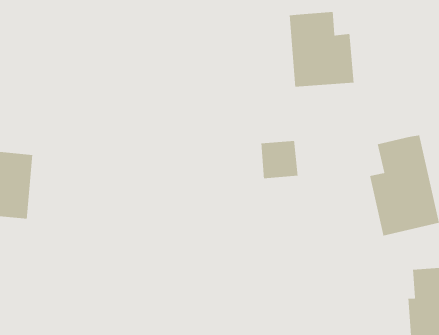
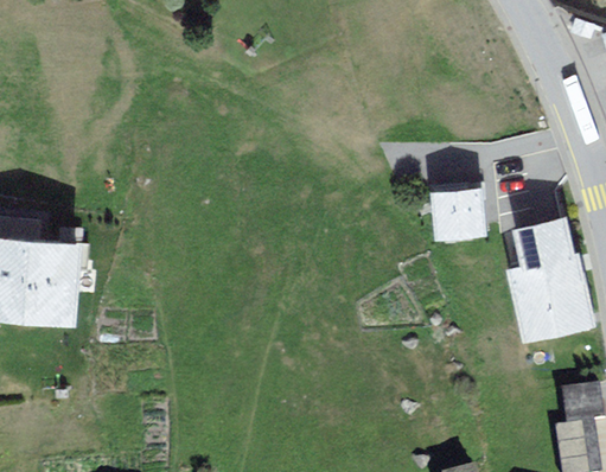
building: [289,11,355,88] -> none
building: [260,140,299,179] -> [430,187,478,236]

